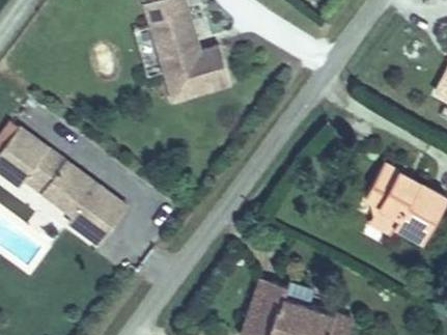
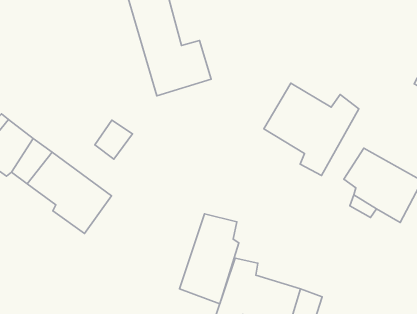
building: none -> [264,83,359,175]
building: none -> [95,120,132,159]
building: none -> [179,214,239,304]

